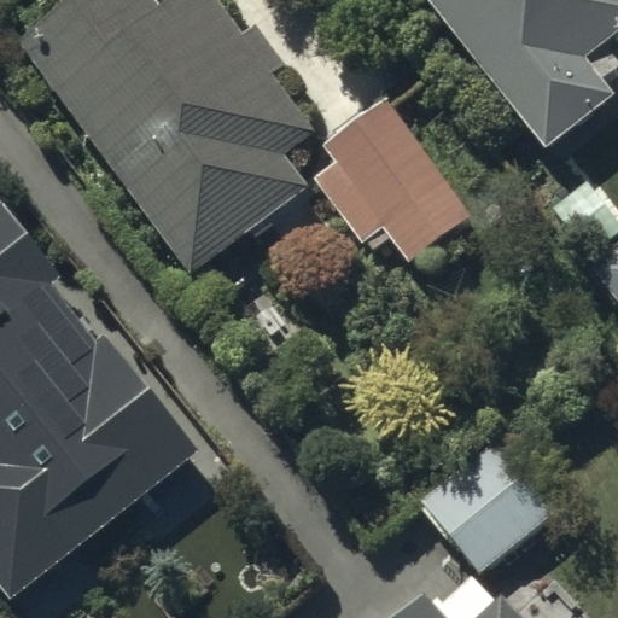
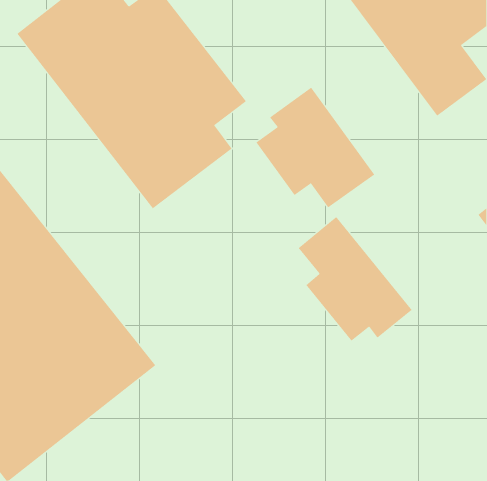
building: none -> [298,216,413,342]
building: [419,436,552,567] -> none

